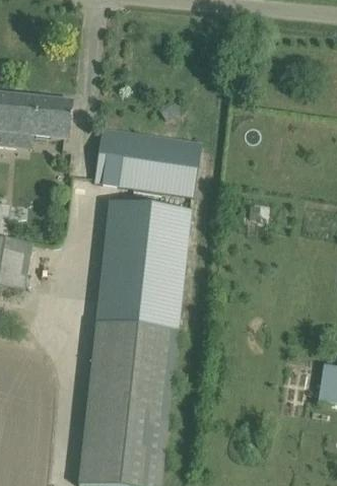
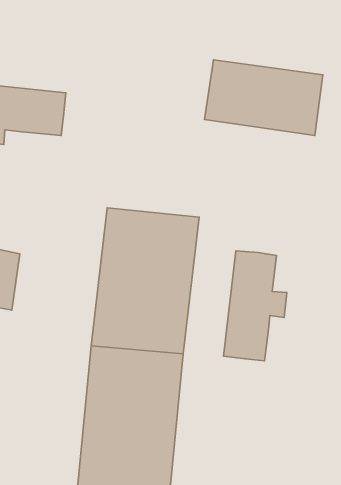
building: [95,129,200,196] -> [204,60,323,136]
building: none -> [224,251,287,361]

